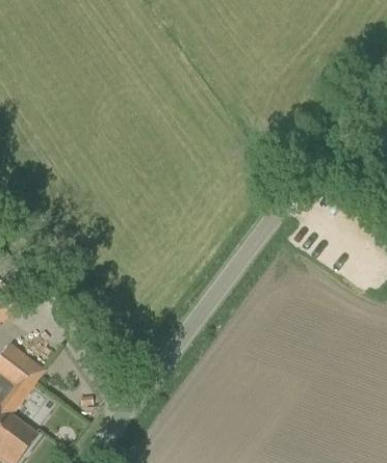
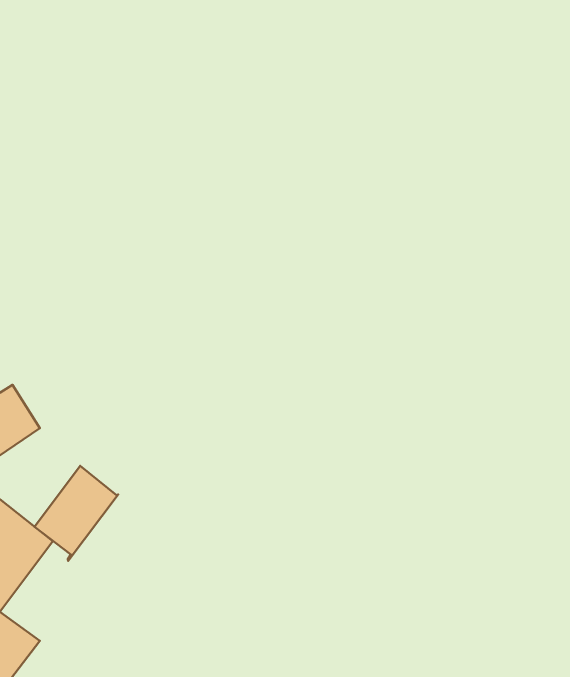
building: none -> [35,466,118,561]

